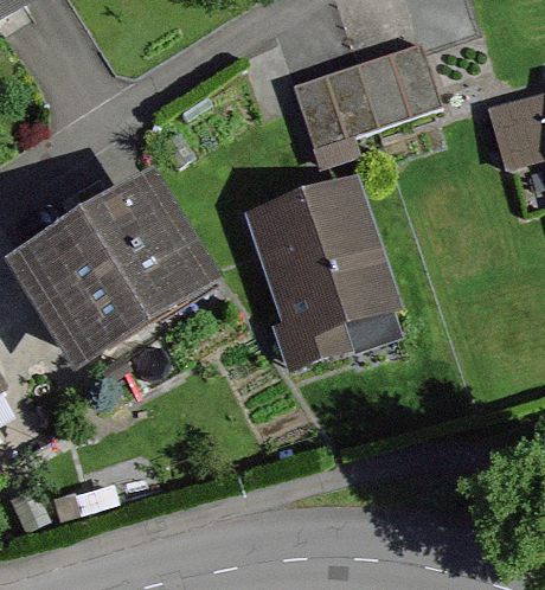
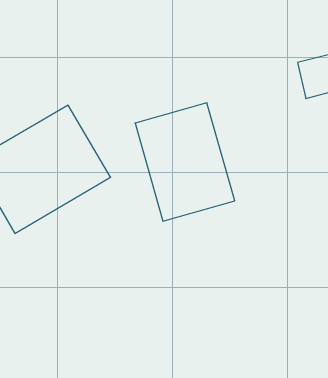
building: [294,47,435,148] -> none

